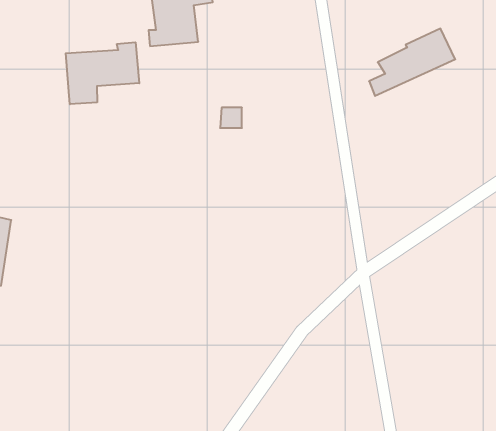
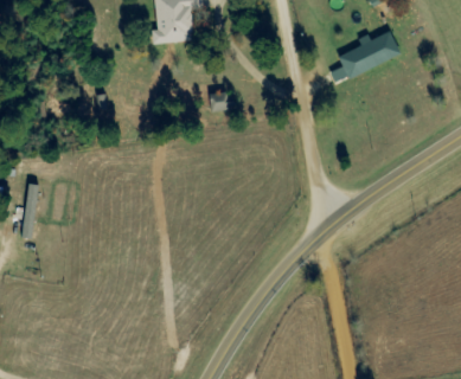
building: [66,42,139,104] -> none

